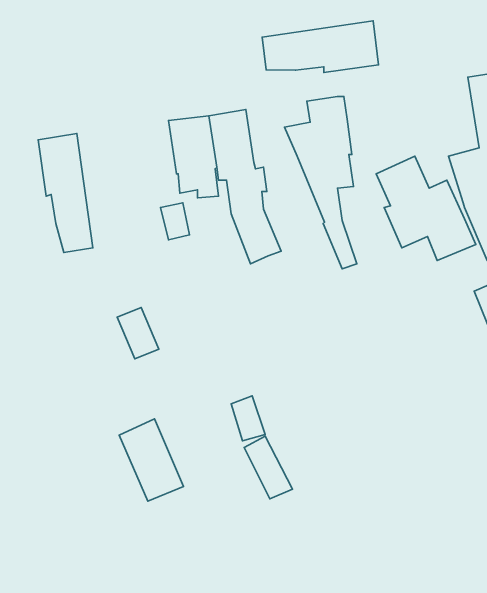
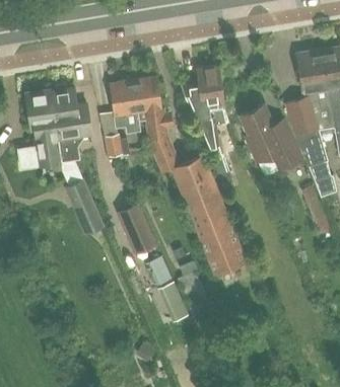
building: [262,21,378,73] -> none
building: none -> [51,86,90,161]
building: none -> [172,154,247,273]
building: [119,419,183,501] -> [116,202,156,253]

